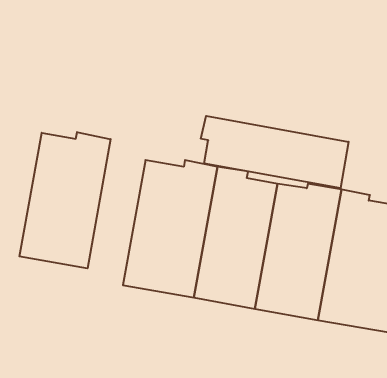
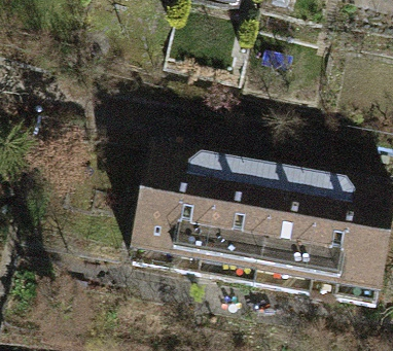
building: [201,116,349,188] -> none
building: [19,132,111,268] -> none

